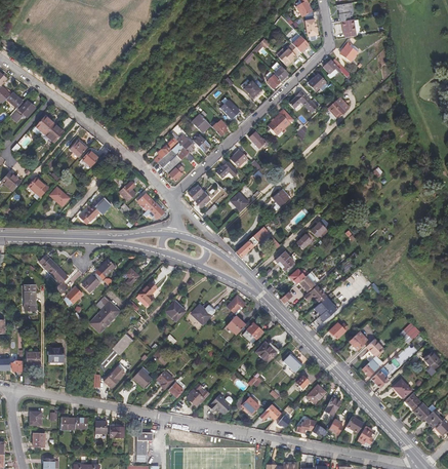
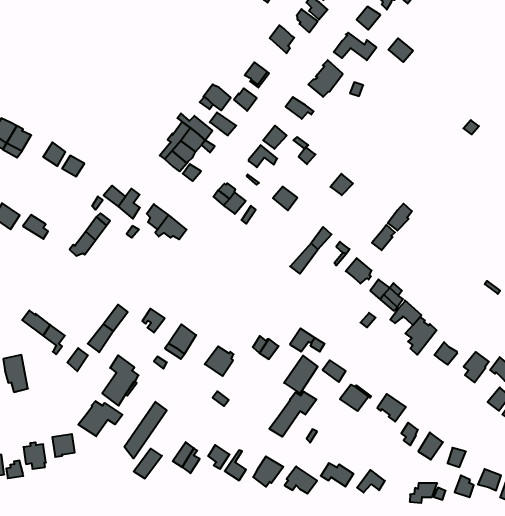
building: none -> [78,401,122,436]
building: none -> [269,391,316,437]

